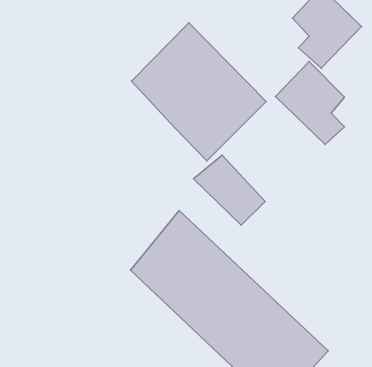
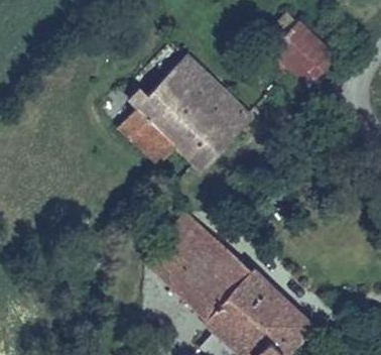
building: [275,62,345,145] -> none
building: [194,155,265,225] -> [118,101,178,160]

